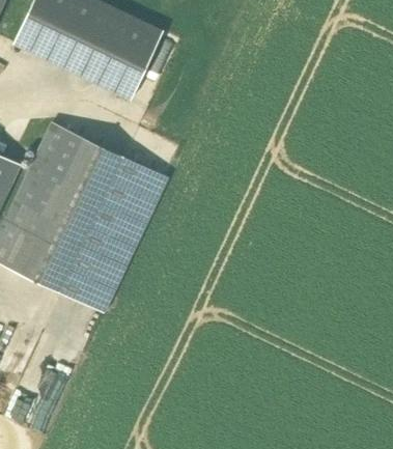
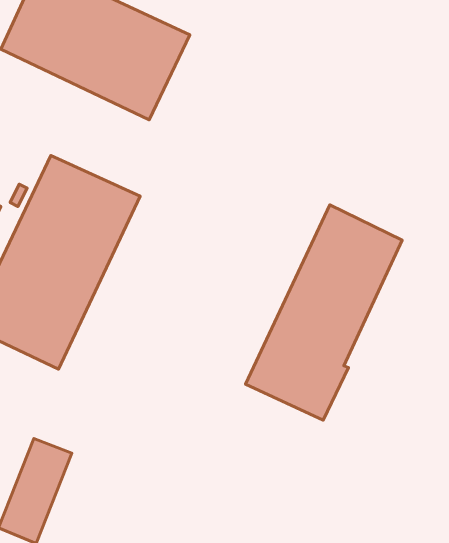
building: [60,157,165,312] -> none
building: none -> [246,205,402,420]

